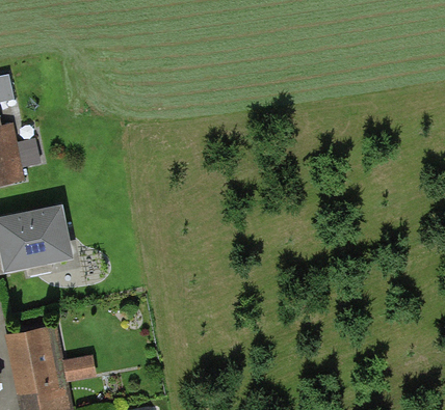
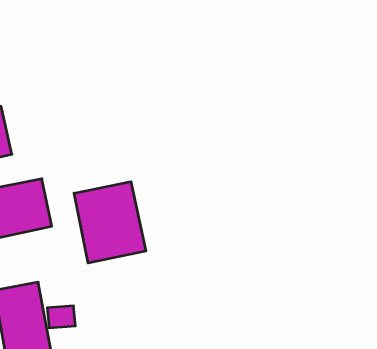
building: none -> [74,182,146,263]

